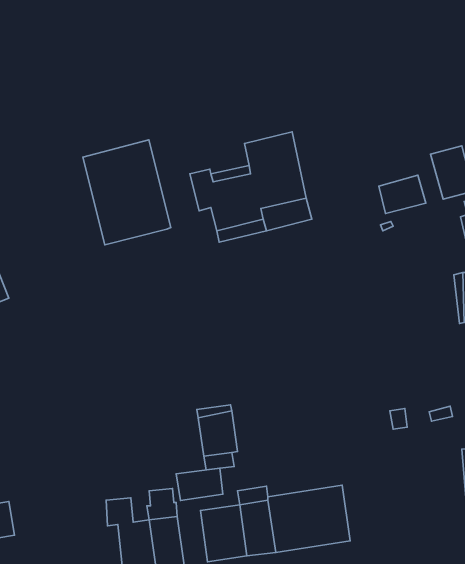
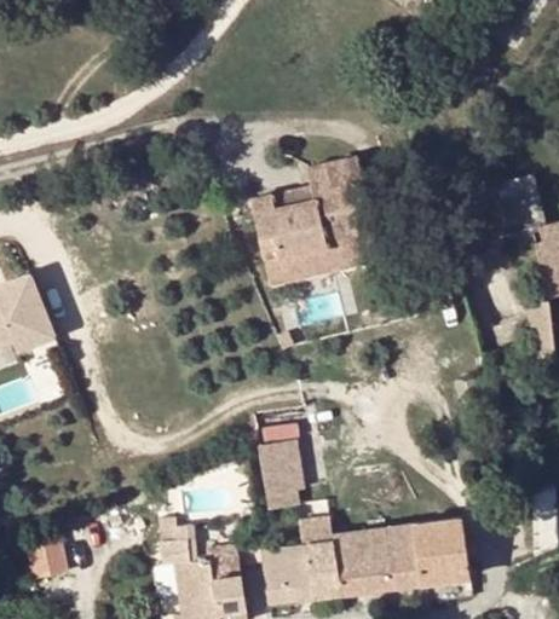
building: [83,140,171,245] -> none
building: [379,175,426,214] -> none
building: [176,468,223,500] -> none
building: none -> [409,517,469,584]

